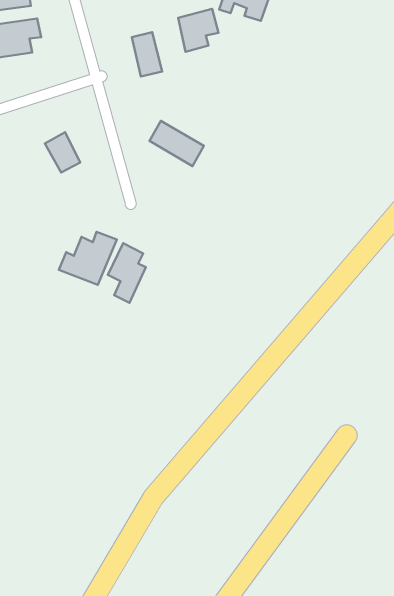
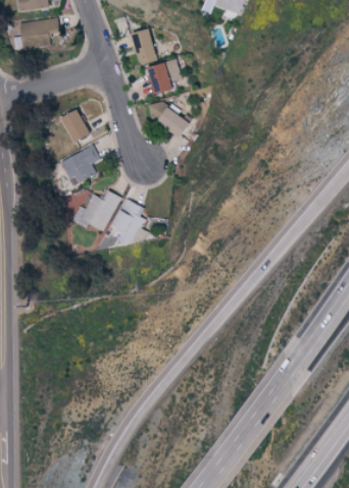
building: [178,9,218,52] -> [147,59,180,94]
building: none -> [60,146,99,185]

